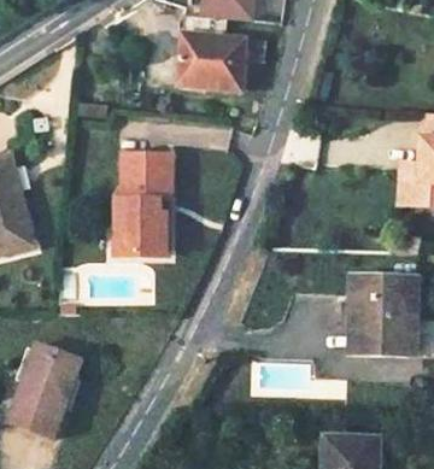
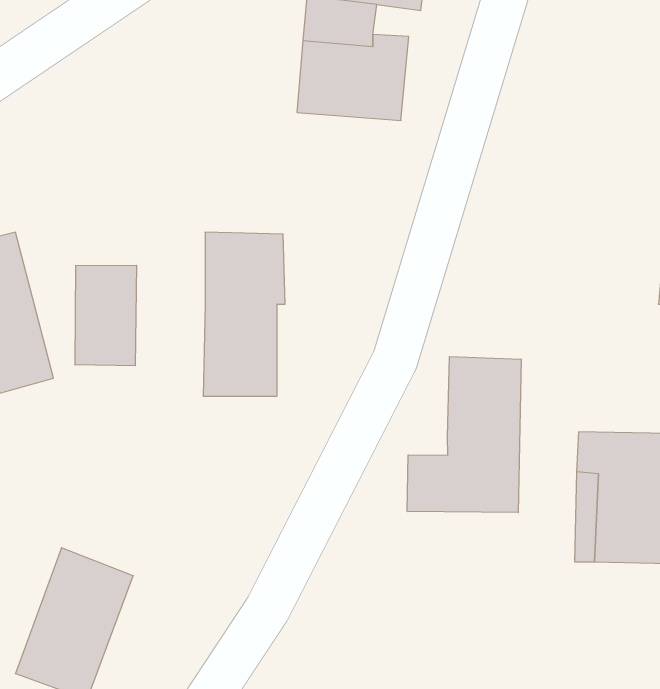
building: none -> [75,265,136,366]
building: none -> [407,357,521,513]

